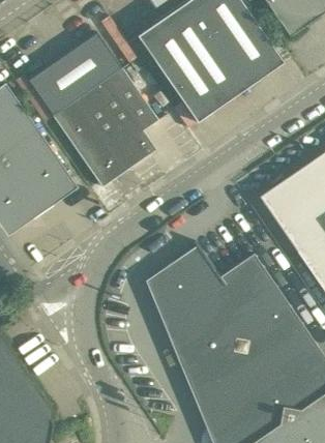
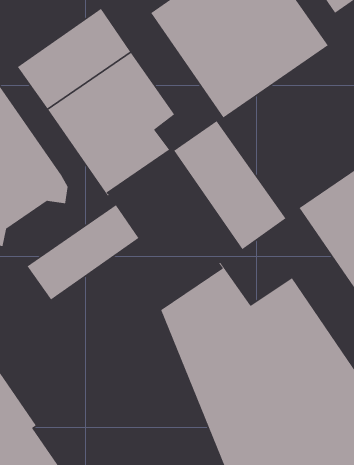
building: none -> [173,120,286,250]
building: none -> [26,204,140,301]

